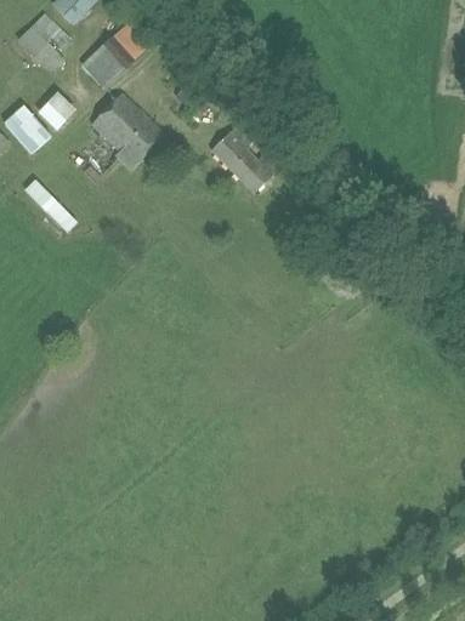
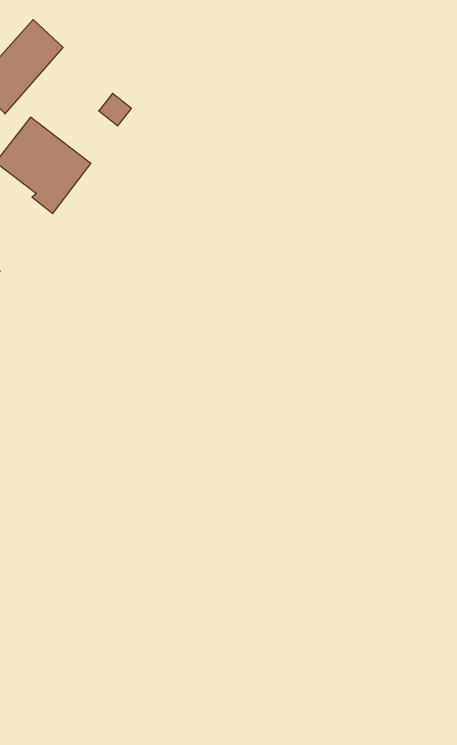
building: [211,125,282,194] -> none

